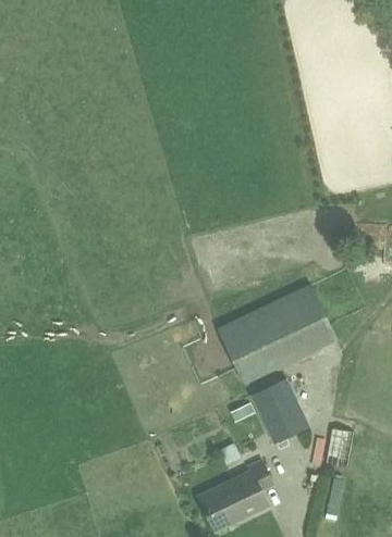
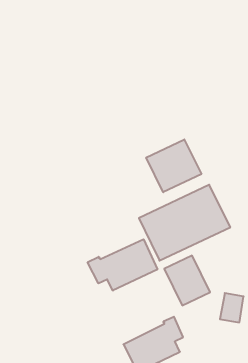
building: none -> [146,139,201,192]
building: none -> [88,239,157,291]

